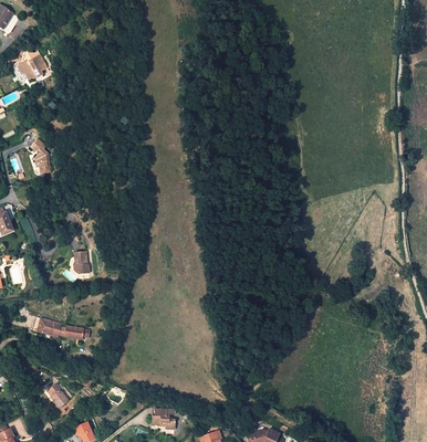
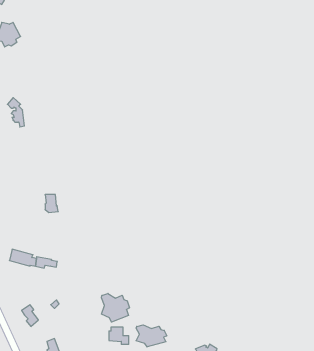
building: none -> [101,293,129,322]
building: none -> [136,325,167,347]

